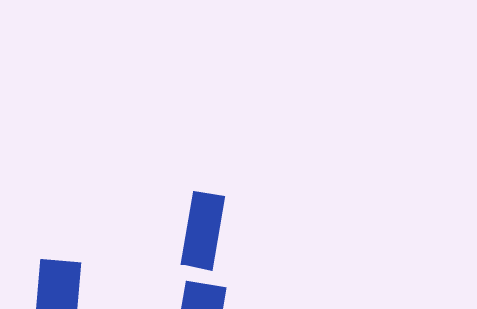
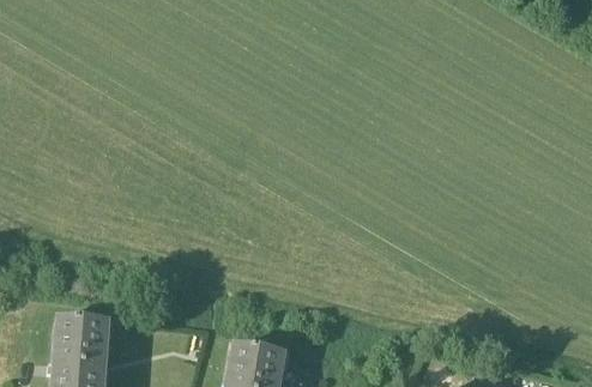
building: [180,190,226,272] -> none

